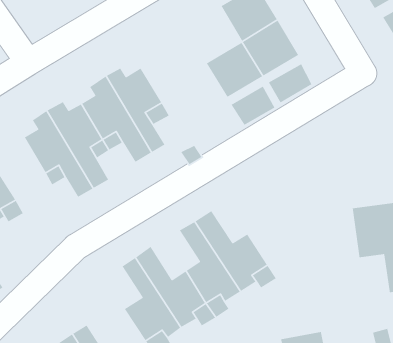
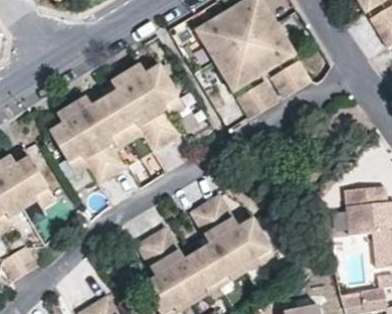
building: none -> [195,10,246,61]

